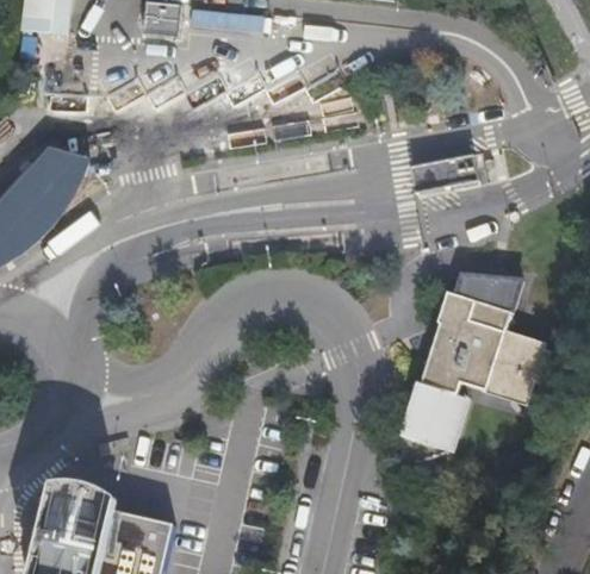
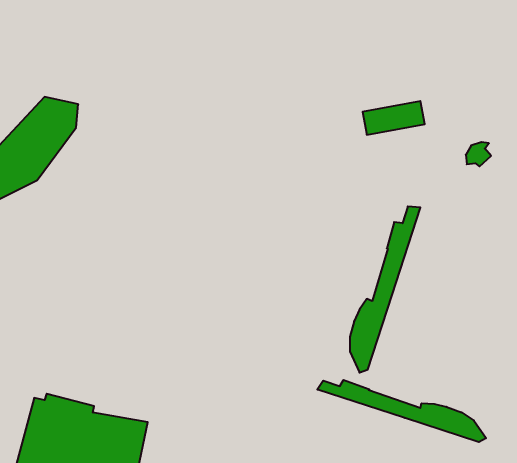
building: [418,274,554,457] -> none
building: none -> [317,380,486,442]

